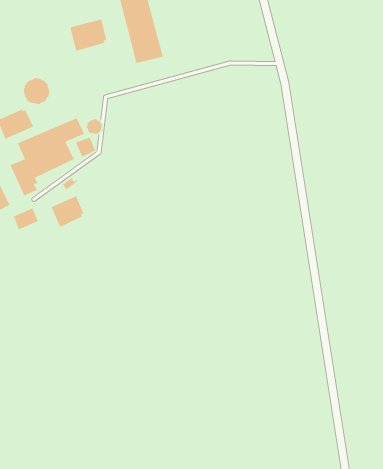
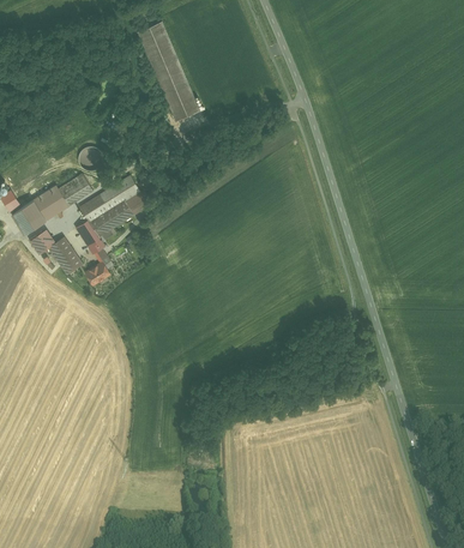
building: [69,18,107,52] -> none
building: [51,195,85,228] -> none

